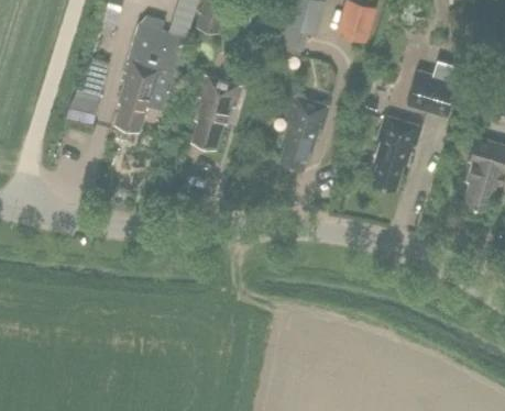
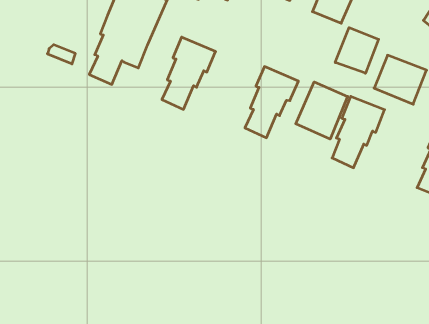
building: none -> [335,28,379,73]
building: none -> [296,82,348,139]

